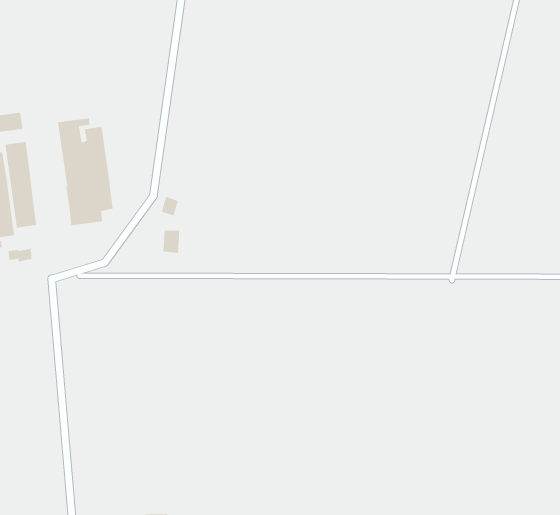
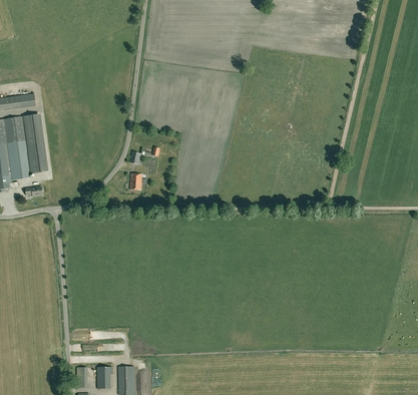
building: [57,118,114,226] -> none

